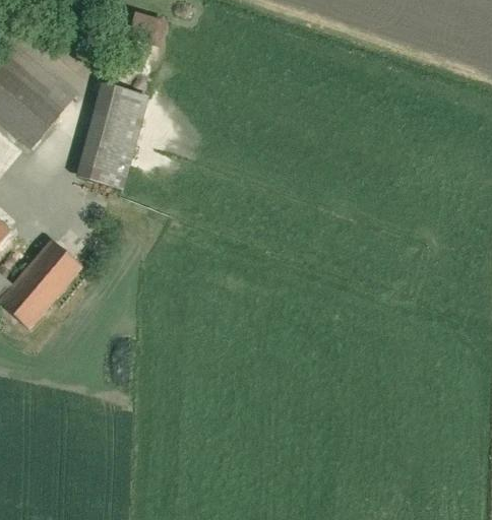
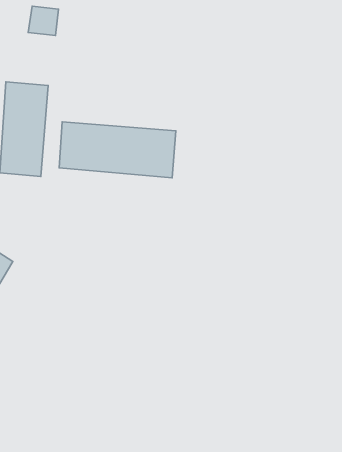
building: none -> [59,122,176,178]

